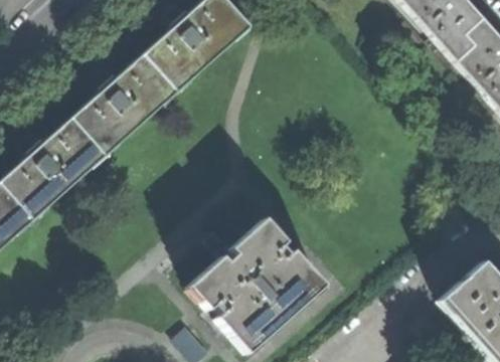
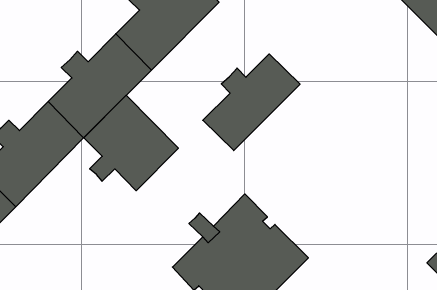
building: none -> [203,54,300,151]
building: none -> [84,95,178,191]

